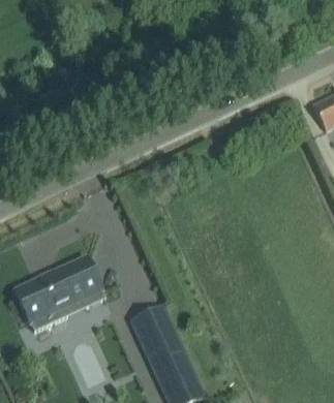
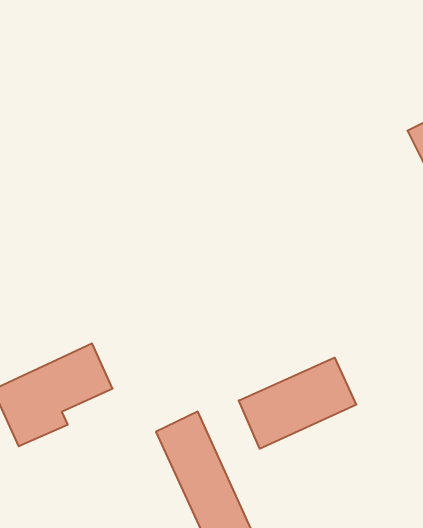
building: none -> [239,358,356,449]

